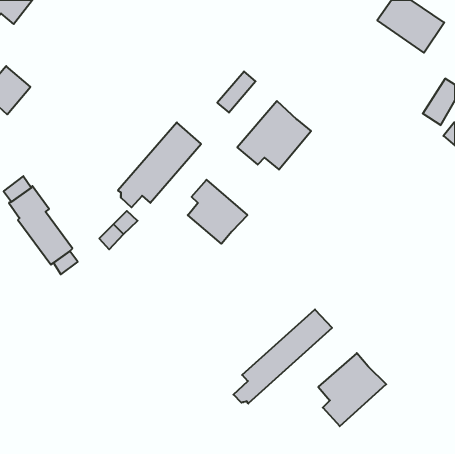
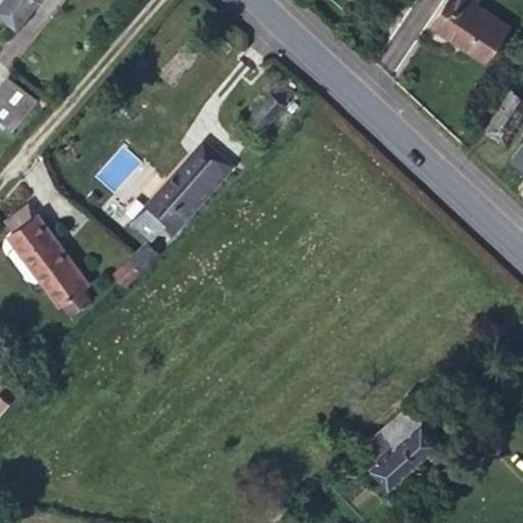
building: [237,101,311,170] -> none
building: [188,180,247,244] -> none
building: [233,309,332,404] -> none

